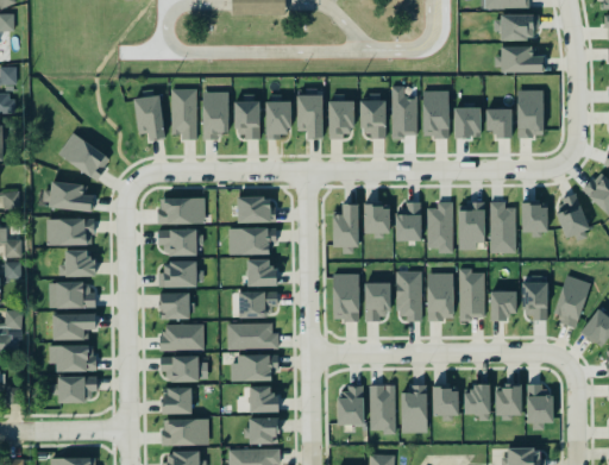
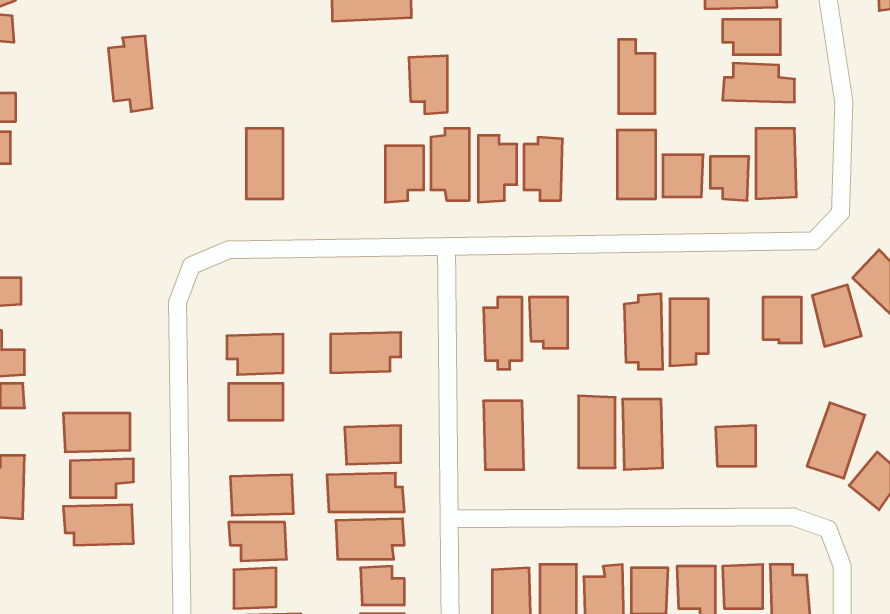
building: [391,86,416,136] -> [618,40,655,113]
building: [133,89,163,140] -> [108,36,152,112]
building: [201,92,228,139] -> none
building: [233,100,259,139] -> [409,56,447,114]
building: [57,133,111,178] -> none
building: [48,180,94,212] -> none
building: [237,196,272,222] -> none
building: [157,197,205,224] -> none
building: [490,201,515,252] -> none
building: [395,205,421,240] -> none
building: [46,218,93,245] -> none
building: [58,250,94,276] -> none
building: [246,259,276,285] -> none
building: [459,268,484,319] -> none
building: [522,277,547,320] -> none
building: [364,282,390,321] -> none
building: [158,293,189,319] -> none
building: [57,376,94,402] -> none

